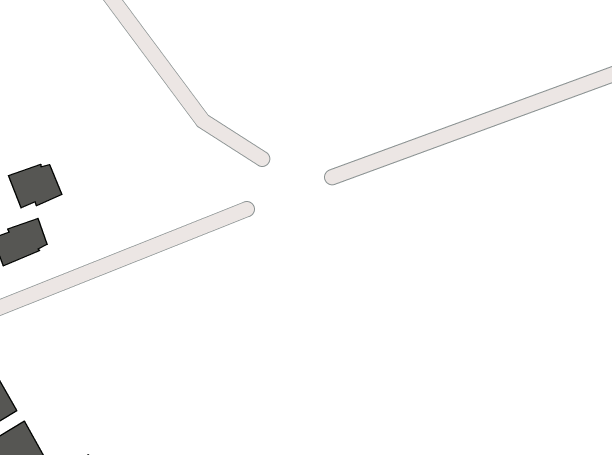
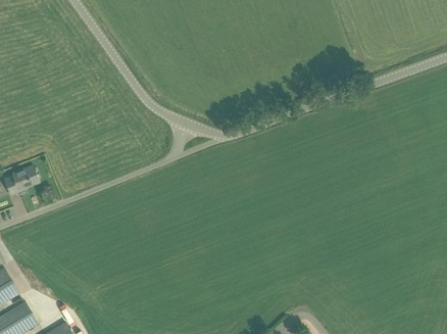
building: [9,164,62,208] -> none

